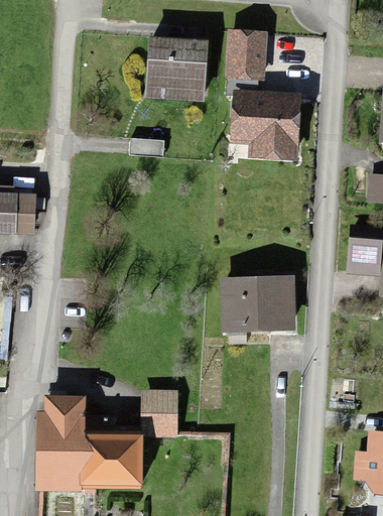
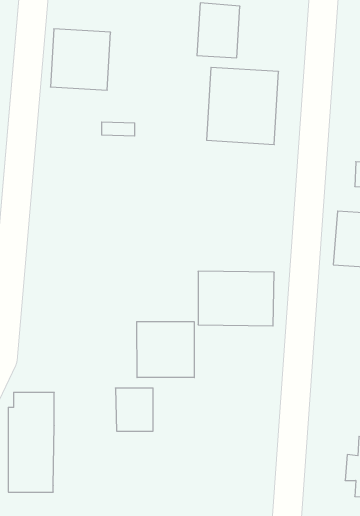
building: [148,41,205,99] -> [50,29,111,90]
building: none -> [137,322,194,378]
building: [85,424,142,482] -> none

